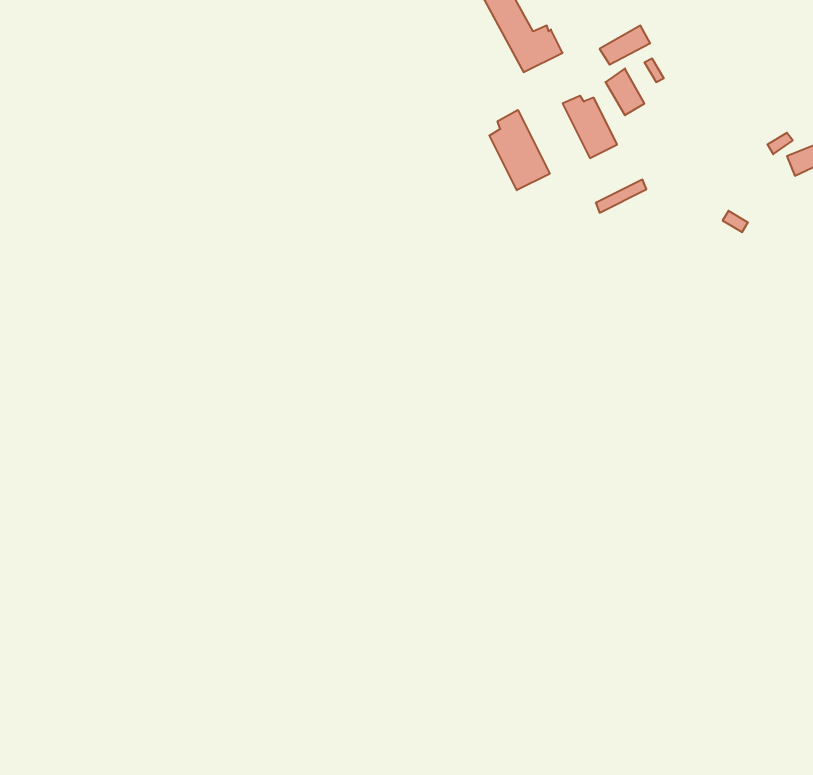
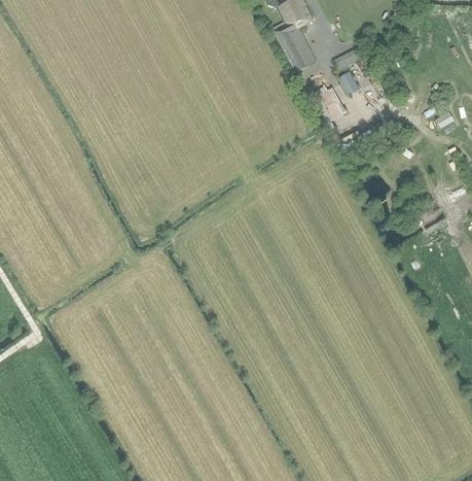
building: [489,110,550,190] -> none

